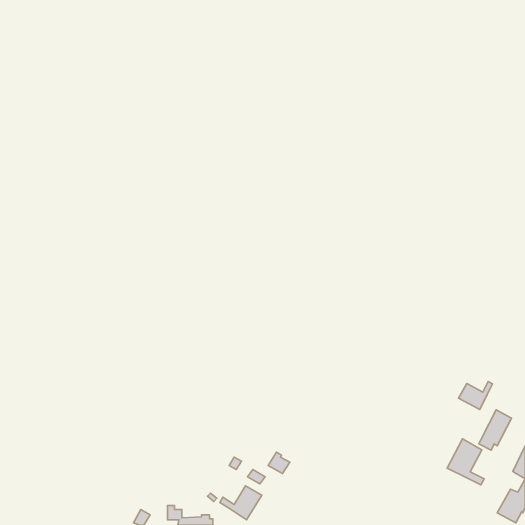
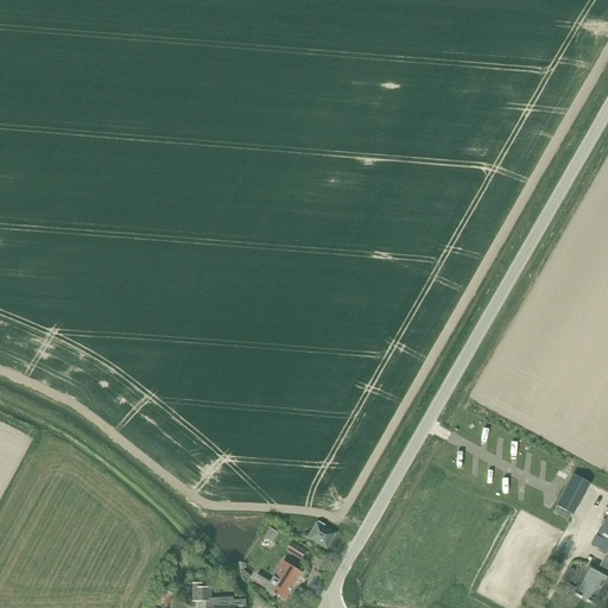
building: [458,381,493,409] -> none
building: [447,439,484,485] -> none

